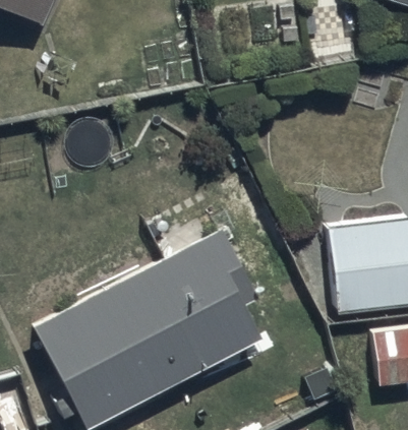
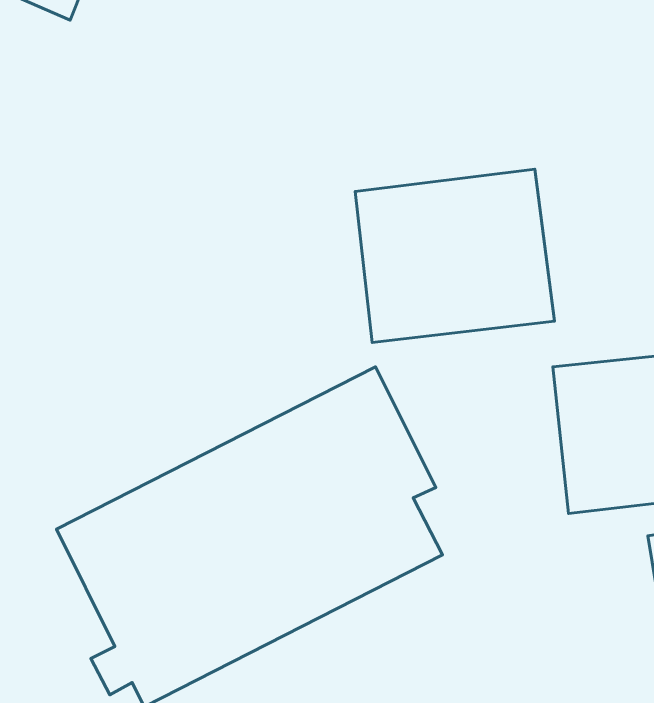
building: none -> [355,169,554,342]

